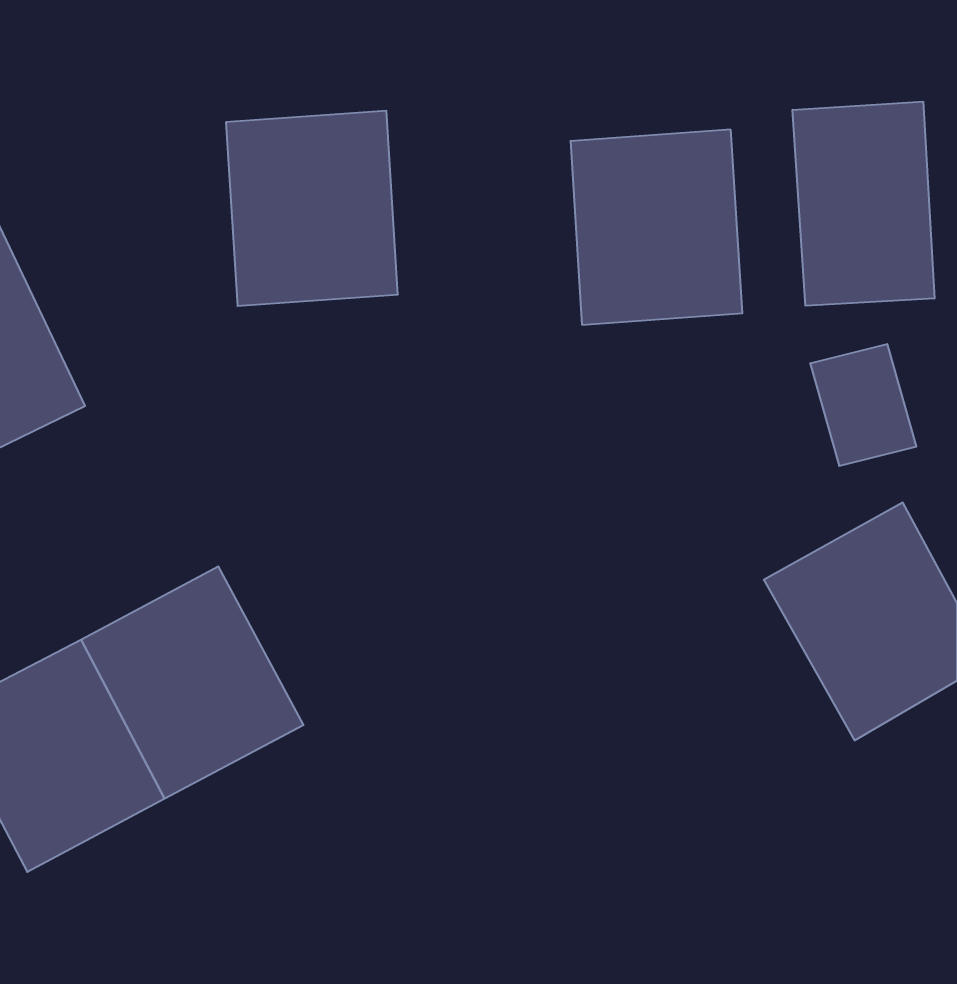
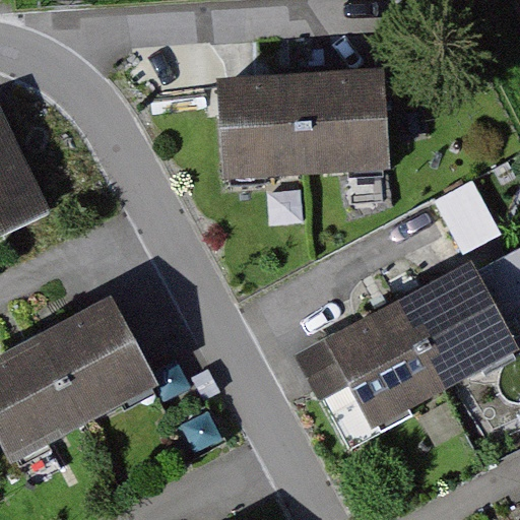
building: [793,102,934,306] -> none
building: [226,111,398,306] -> [215,74,306,177]
building: none -> [329,305,449,430]

